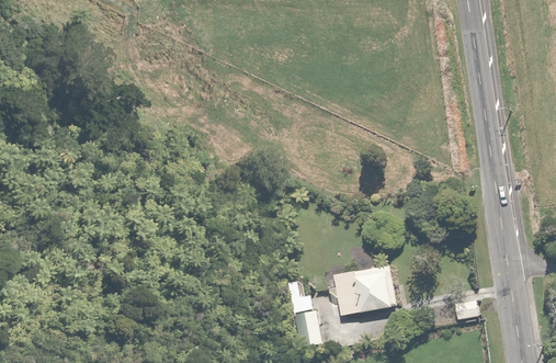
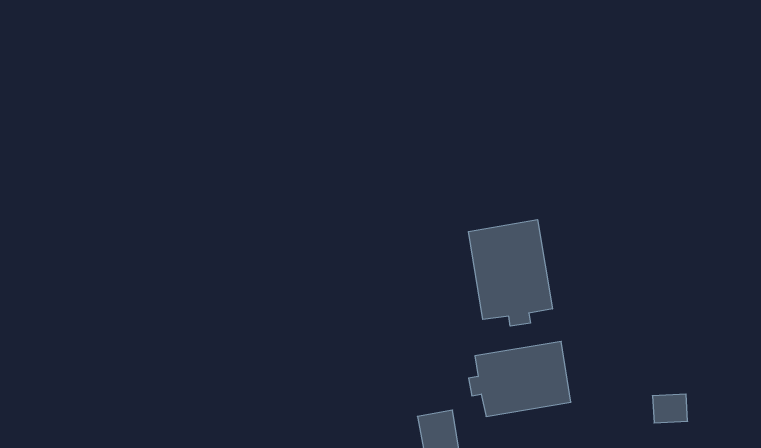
building: none -> [468,220,552,326]

